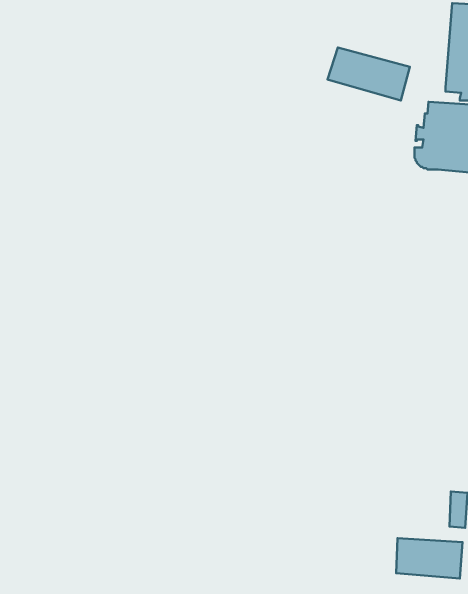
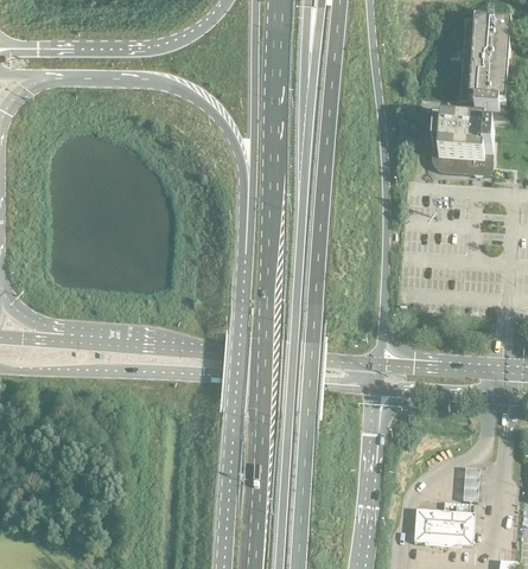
building: [328,47,410,100] -> none

